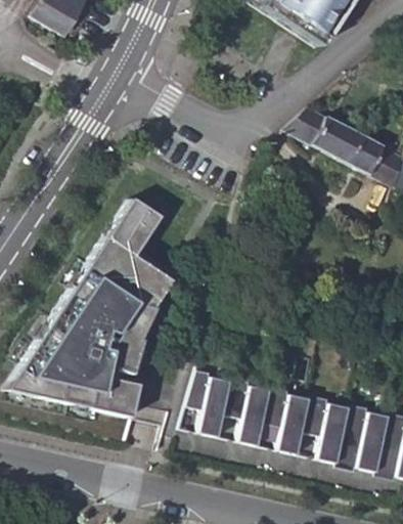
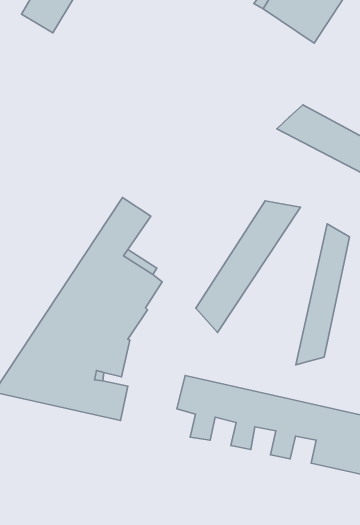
building: none -> [196,201,301,332]
building: none -> [296,224,350,365]

